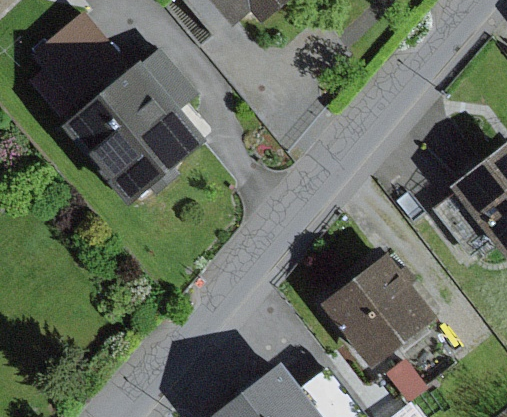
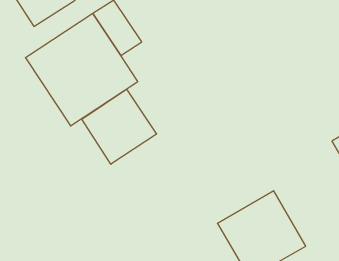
building: none -> [82,89,156,164]

